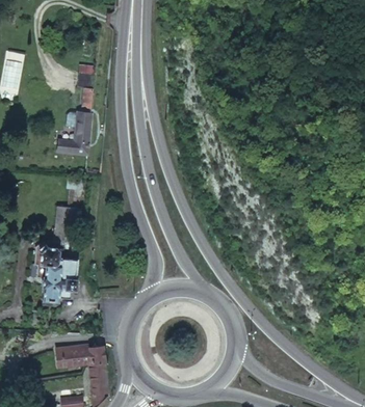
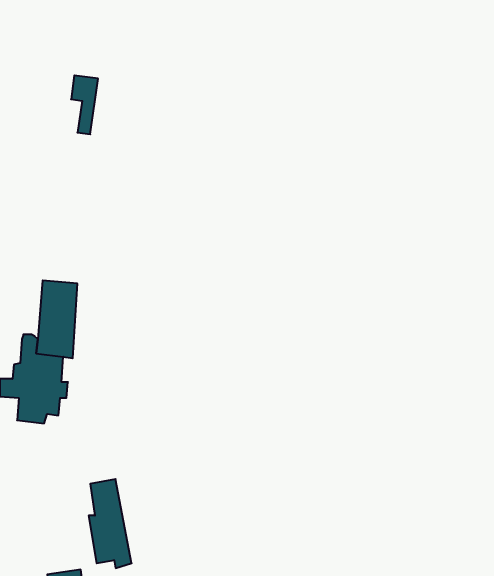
building: [51,114,86,157] -> none
building: [53,337,90,362] -> none

